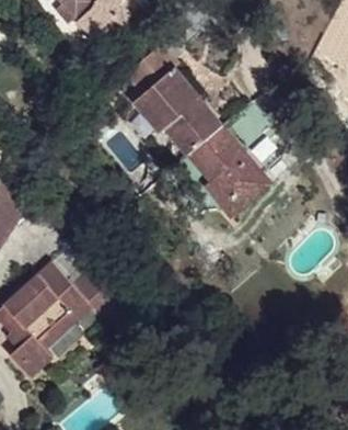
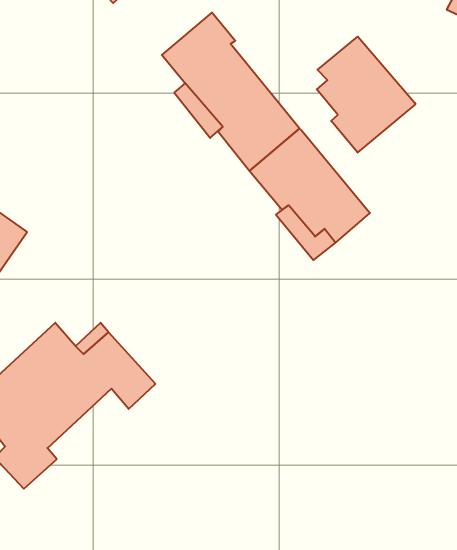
building: none -> [317,37,415,153]

